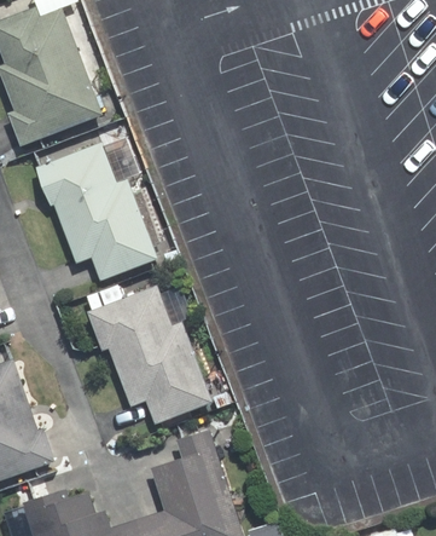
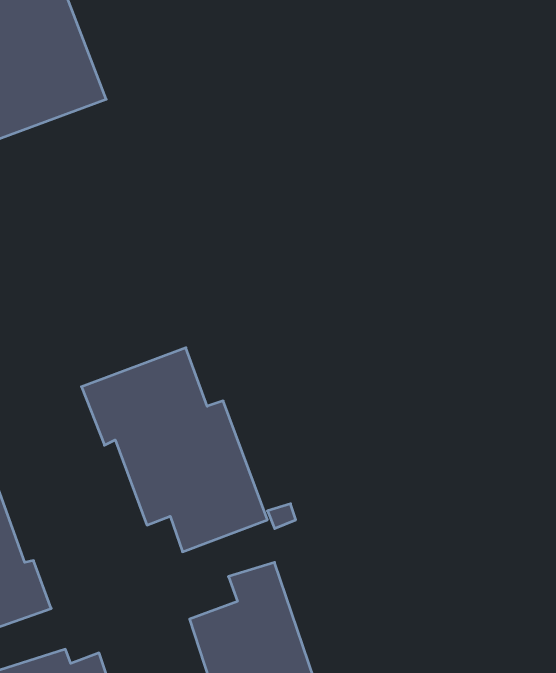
building: [40,144,161,282] -> none

